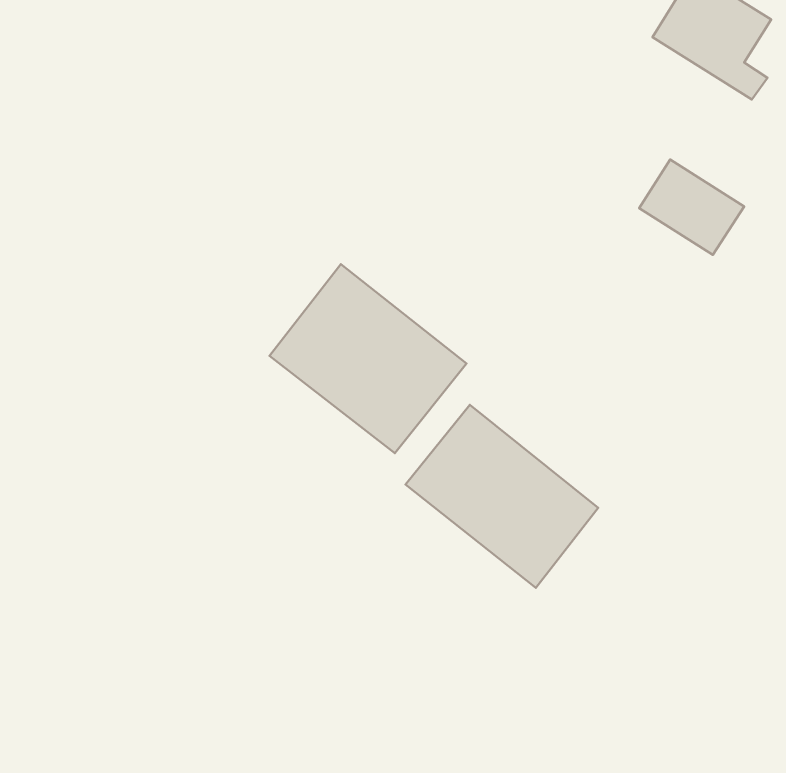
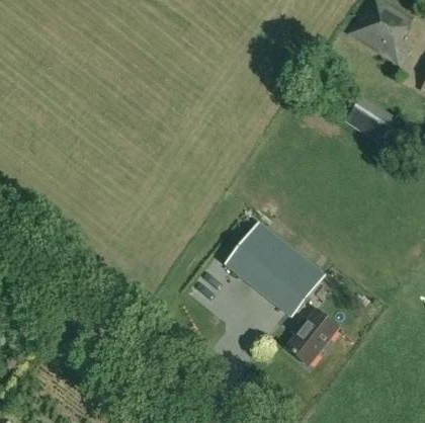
building: [270,264,466,453] -> none
building: none -> [286,310,339,365]

